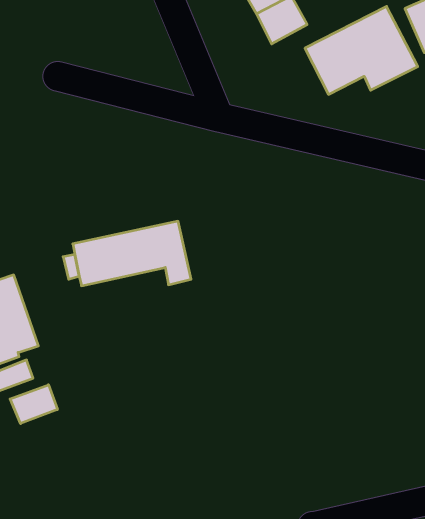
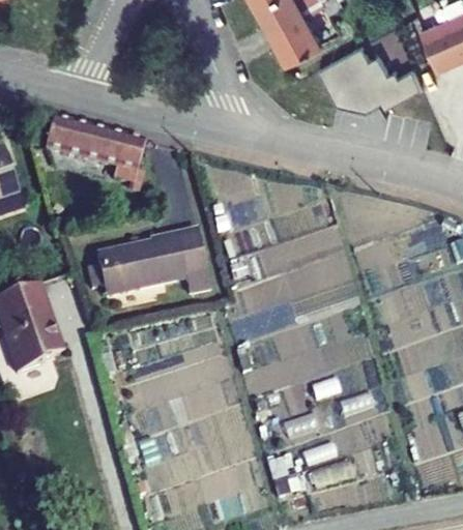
building: none -> [44,119,144,184]
building: [10,385,57,424] -> none

